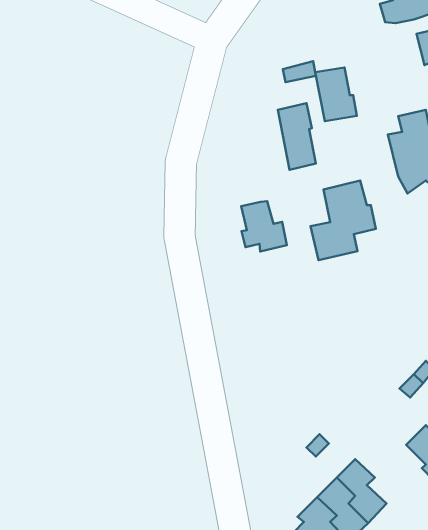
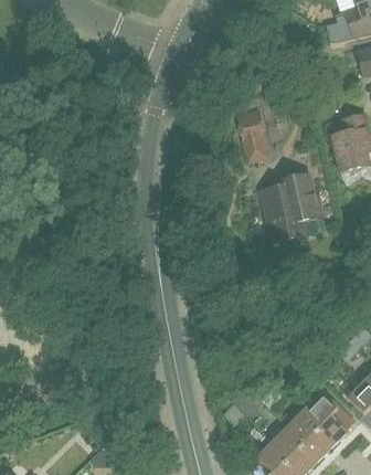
building: [315,67,357,121] -> none
building: [241,201,287,251] -> none
building: none -> [304,393,351,447]

